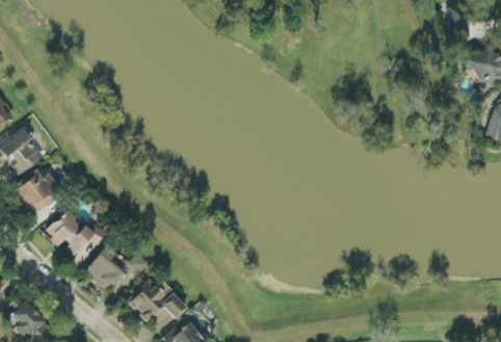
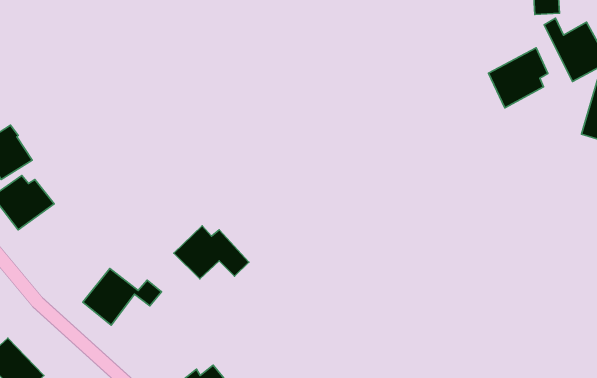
building: none -> [488,48,548,108]
building: [46,209,105,256] -> none
building: [127,279,187,321] -> [174,226,249,279]

